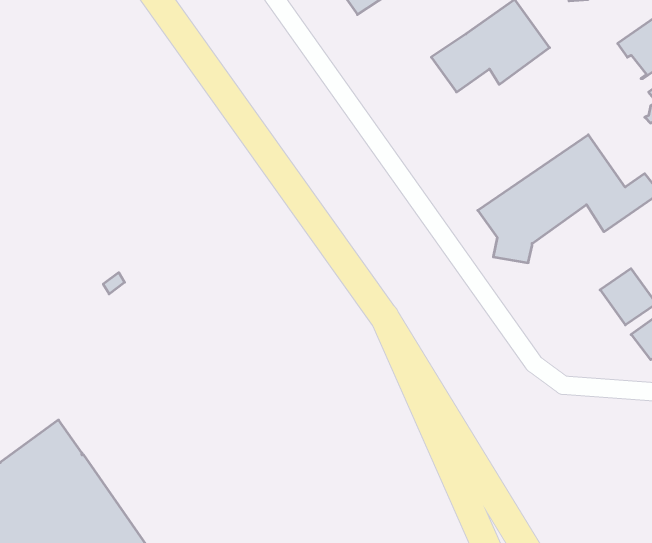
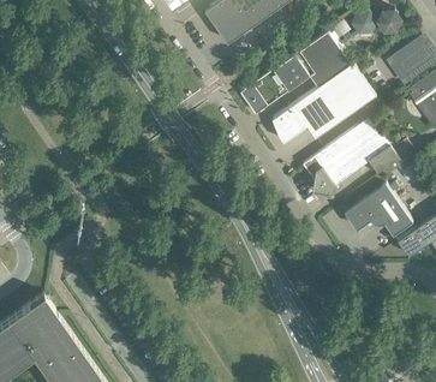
building: none -> [269,62,377,143]
building: none -> [241,70,289,115]
building: none -> [345,184,398,229]

